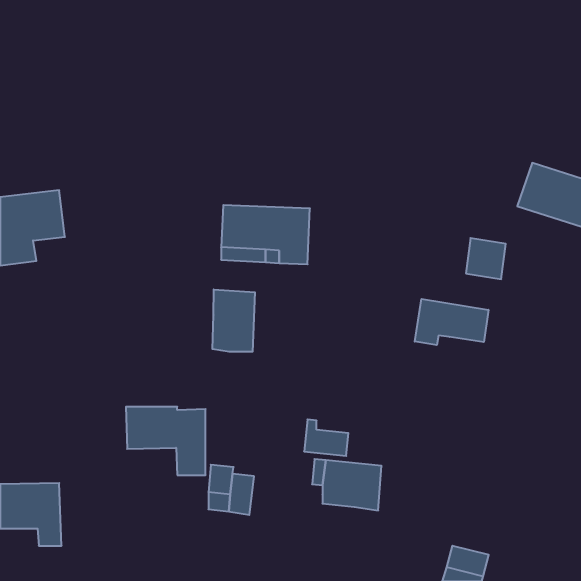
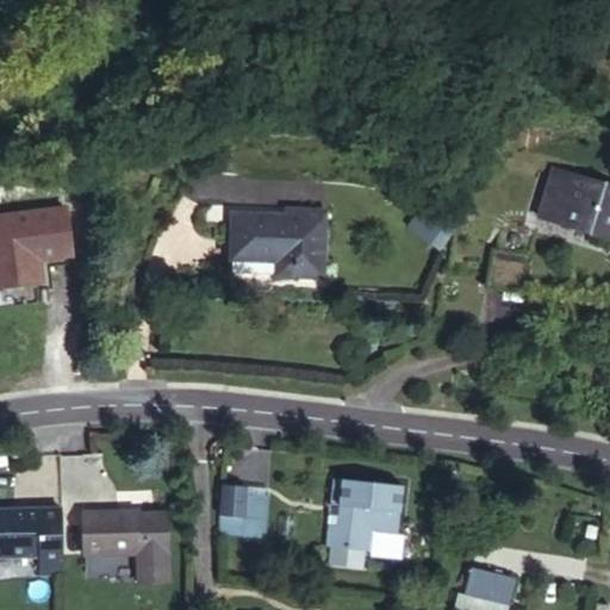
building: [212,289,255,352] -> none
building: [415,299,488,345] -> none
building: [126,407,206,475] -> [85,511,168,583]
building: [304,419,348,456] -> [325,516,372,554]

